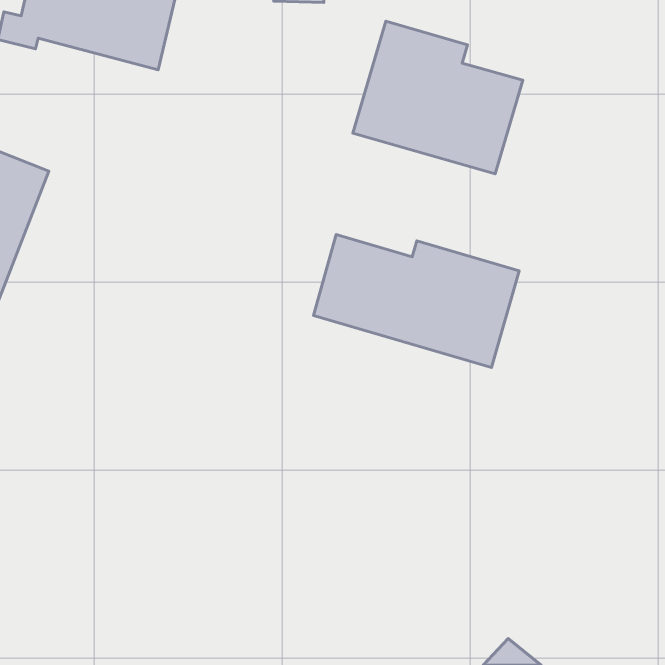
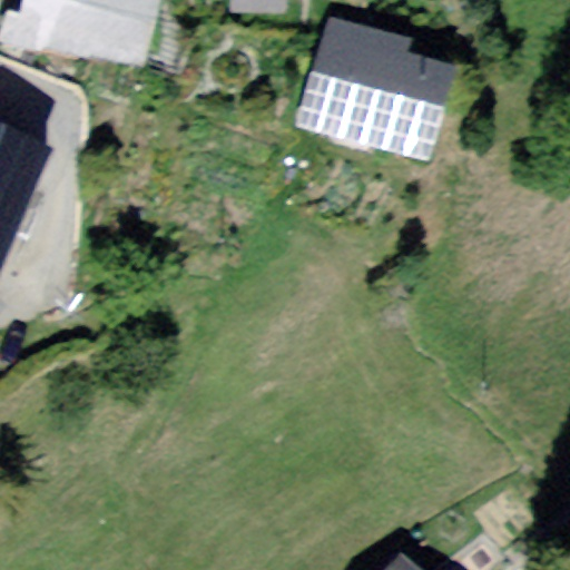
building: [313,234,519,368] -> none

